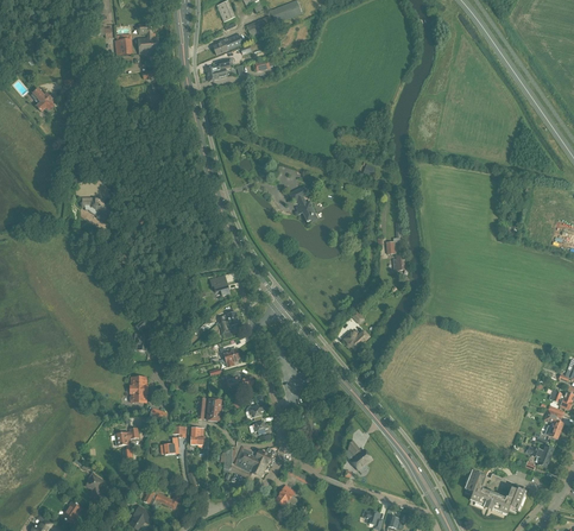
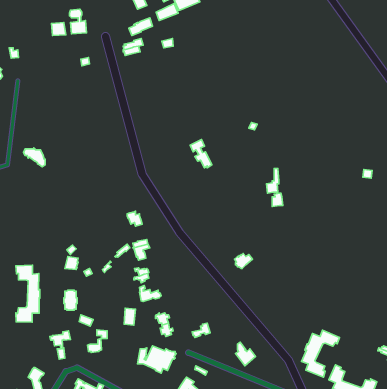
building: none -> [16,265,40,322]
building: none -> [301,330,339,377]

